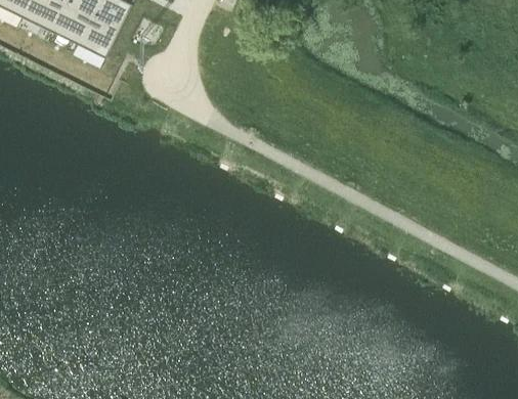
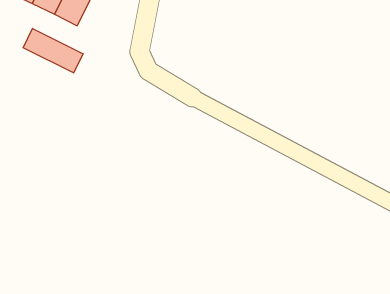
building: none -> [23,28,83,73]

